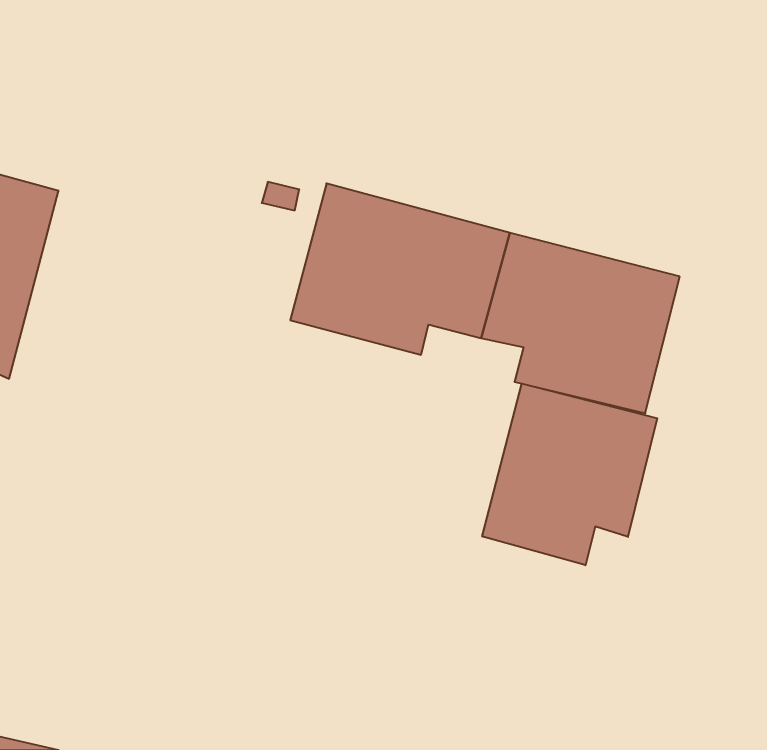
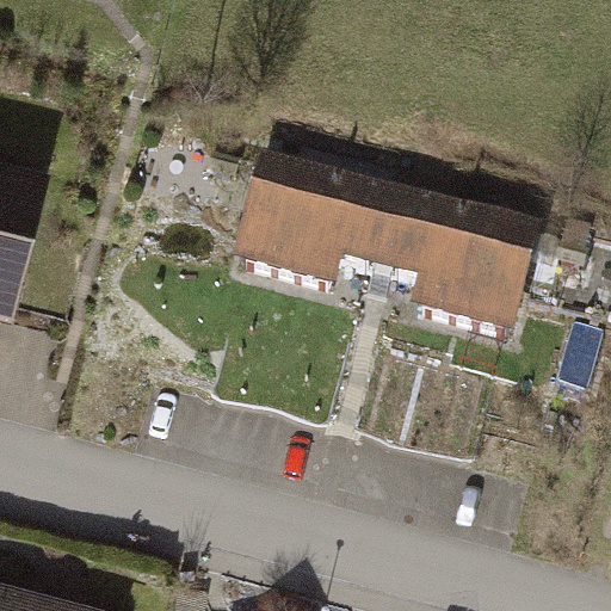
building: [482,384,657,565] -> none

